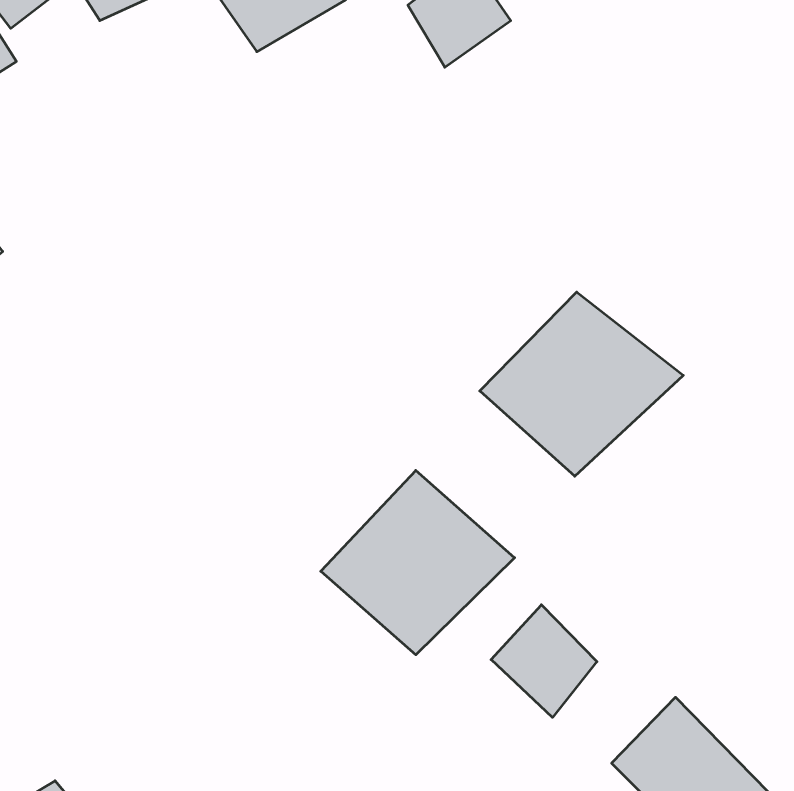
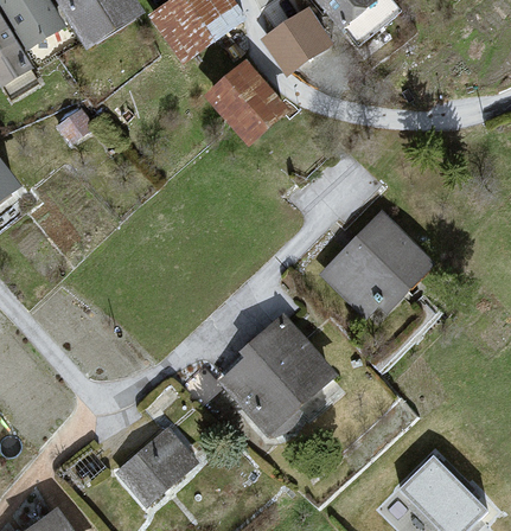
building: none -> [211,62,287,148]
building: [491,605,597,717] -> none
building: none -> [111,431,199,503]

